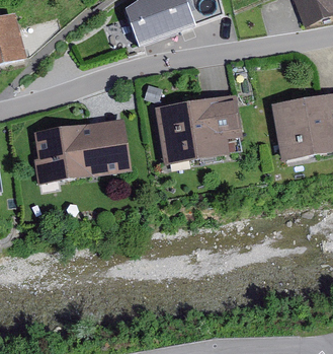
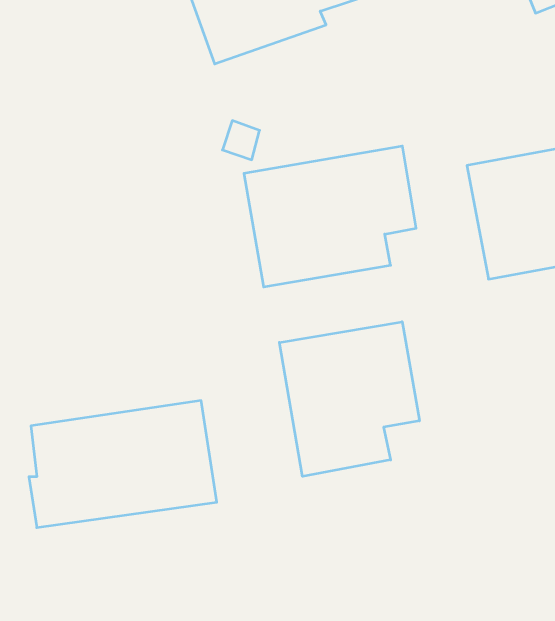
building: [34,117,132,183] -> [29,401,217,528]
building: none -> [279,322,419,476]

